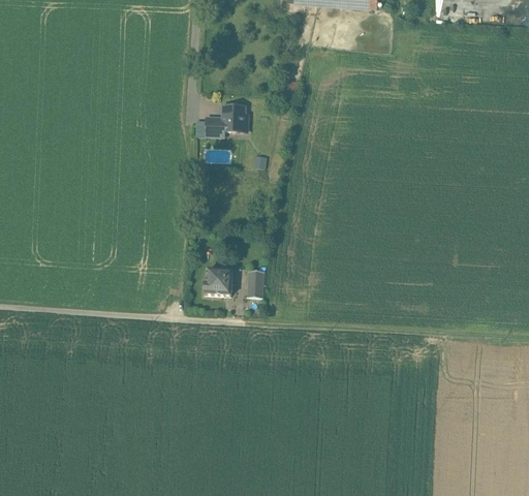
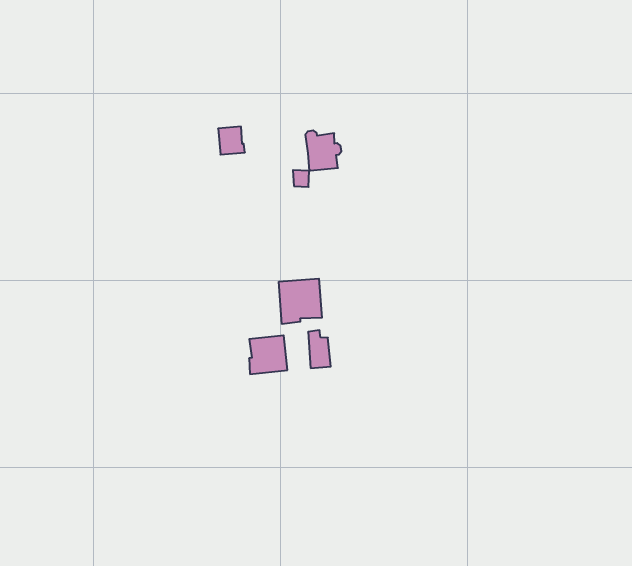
building: [222,100,247,129] -> [305,130,341,171]
building: none -> [279,279,322,324]

